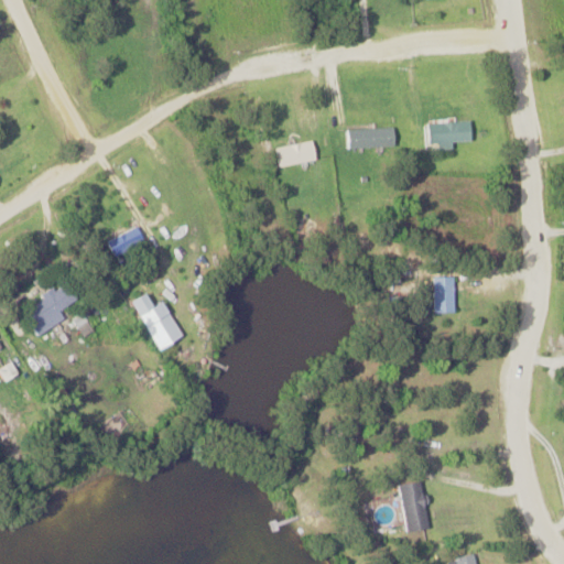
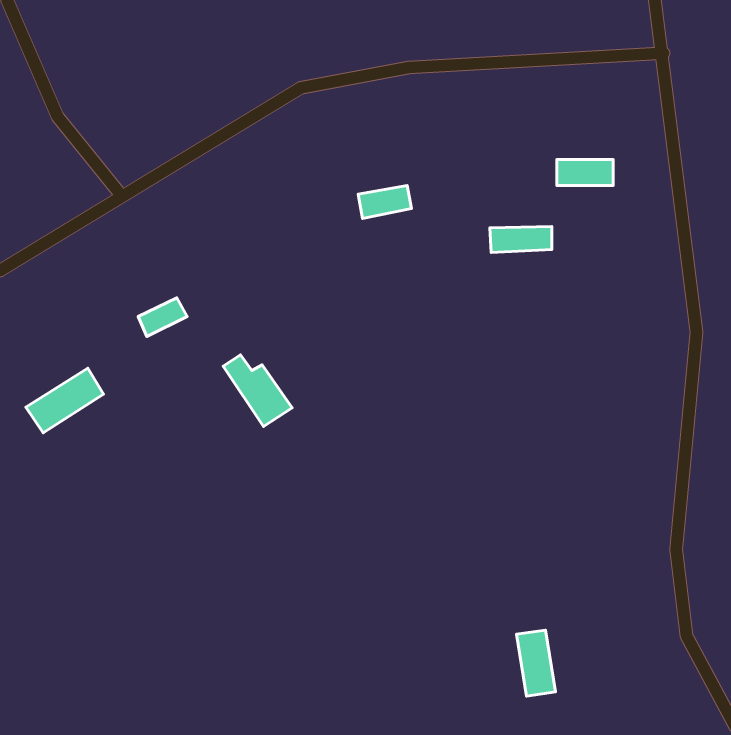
building: [348,129,395,149] -> [490,227,552,252]
building: [435,278,456,314] -> none
building: [131,294,184,349] -> [223,355,292,427]

